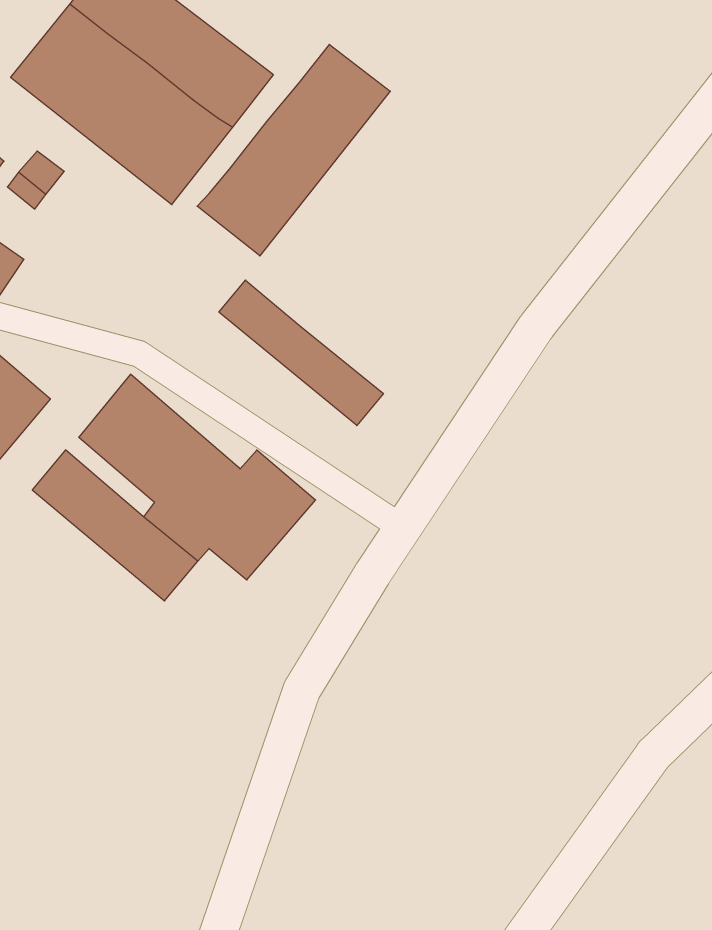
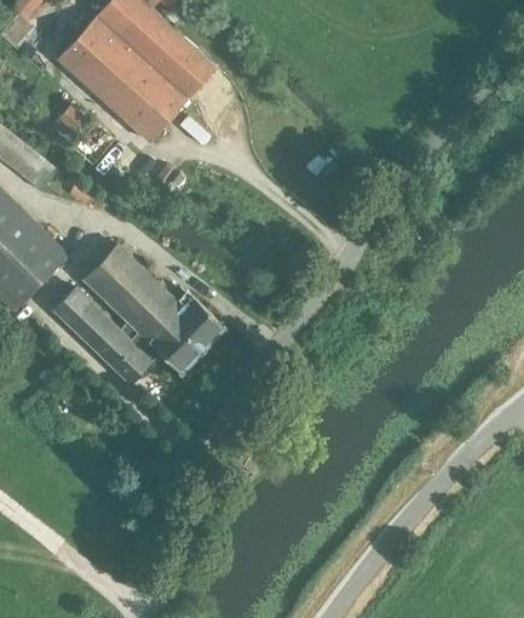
building: [197,44,390,256] -> none
building: [219,280,383,426] -> none

